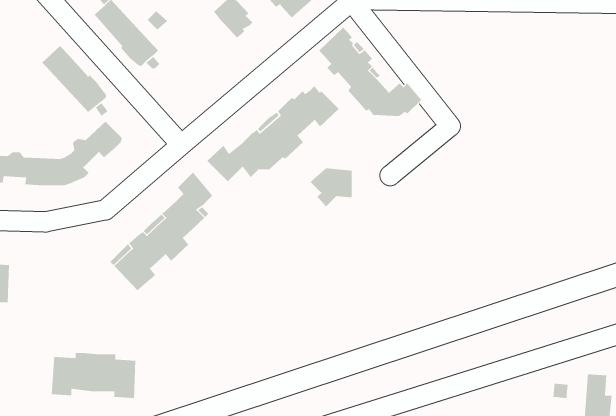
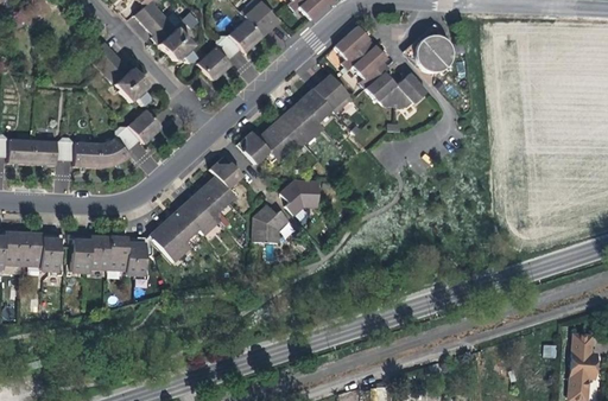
building: none -> [198,18,264,79]
building: none -> [408,27,455,74]
building: [310,168,353,207] -> [280,179,318,215]
building: none -> [253,203,289,242]
building: [51,352,136,399] -> [70,235,146,276]

